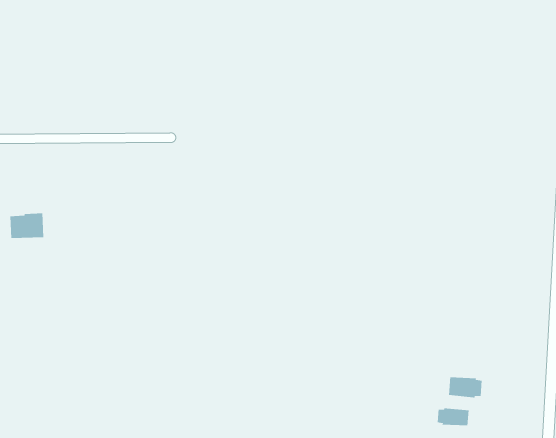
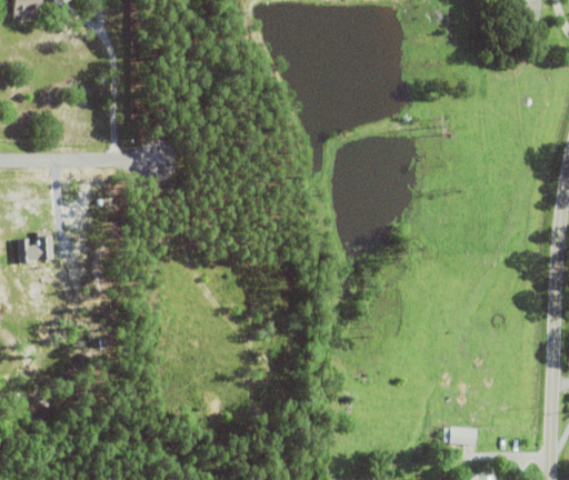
building: [448,376,482,398] -> none

